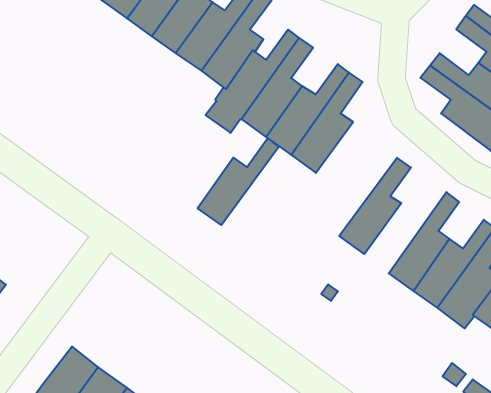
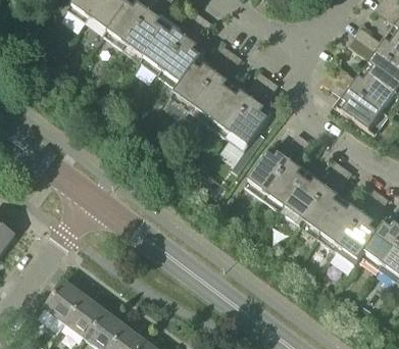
building: [198,138,279,225] -> [244,134,304,198]
building: none -> [280,159,341,226]

